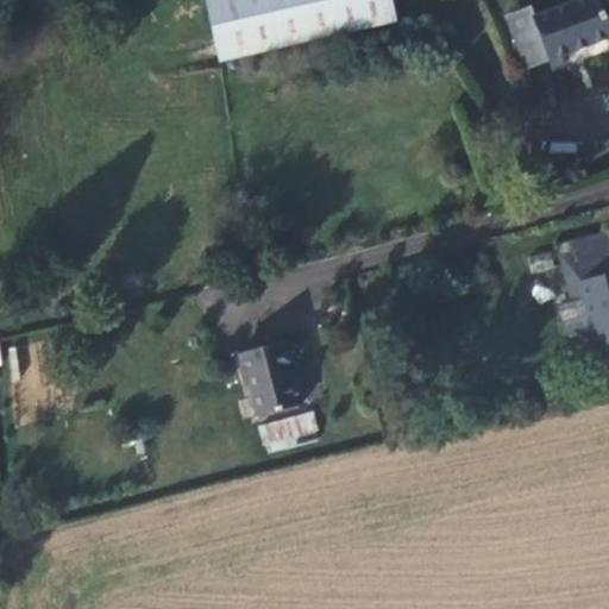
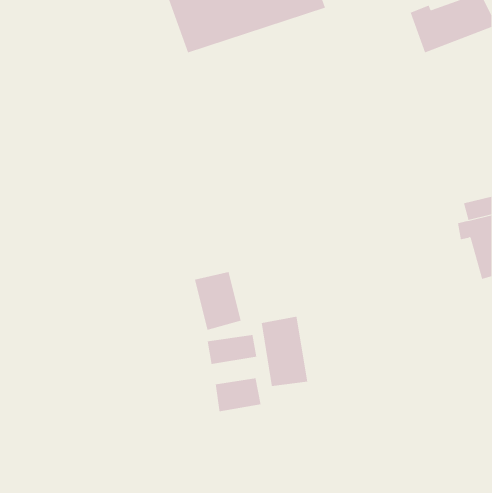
building: none -> [261,316,308,387]
building: none -> [215,377,261,412]

